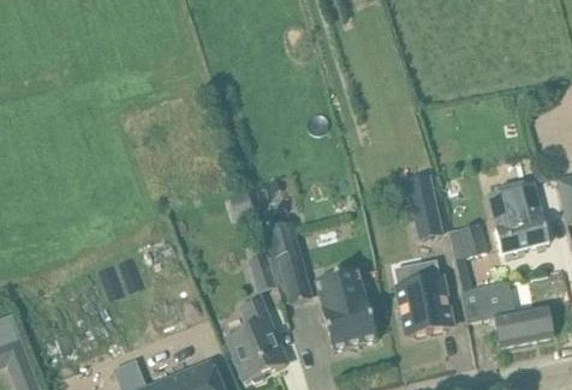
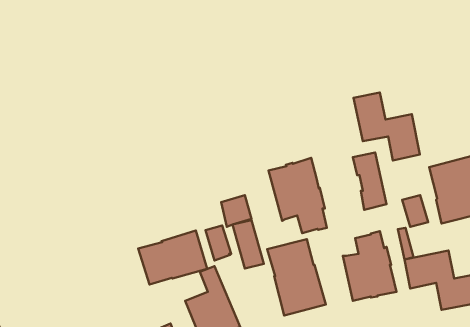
building: none -> [354,93,420,160]
building: none -> [269,158,327,233]
building: none -> [138,231,207,285]

